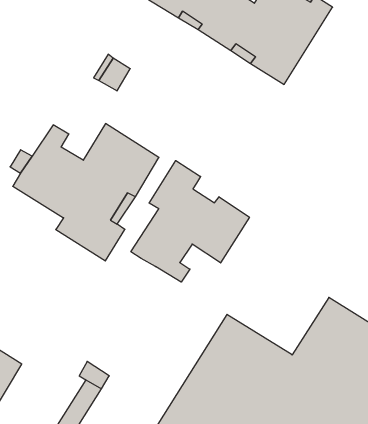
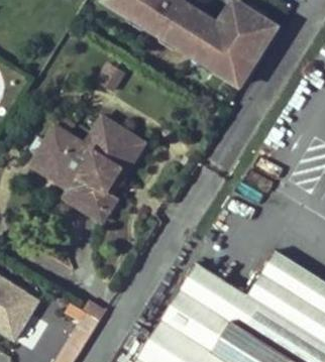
building: [131,161,249,282] -> none

